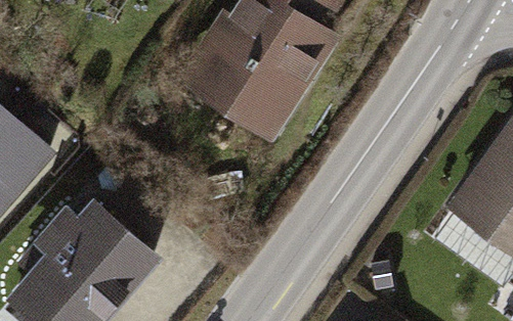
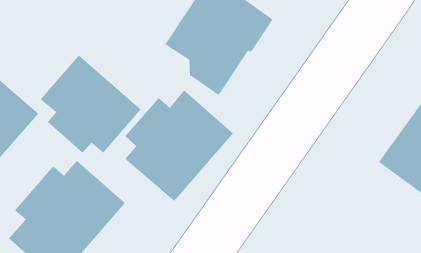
building: none -> [40,55,142,154]
building: none -> [124,89,234,202]

